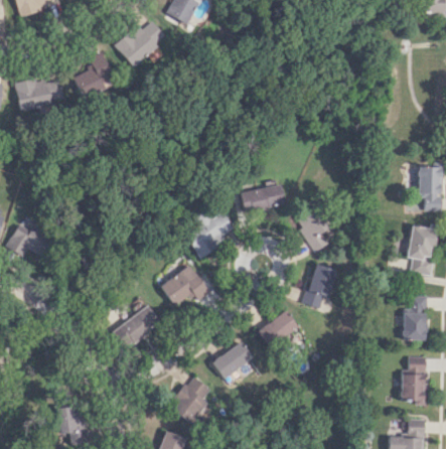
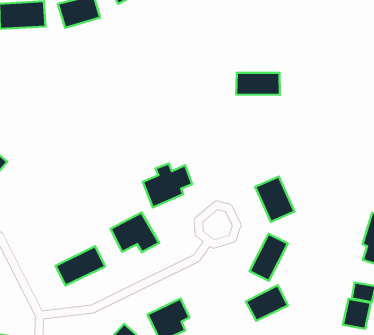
building: [241,184,286,212] -> [236,73,280,95]
building: [258,310,299,348] -> [246,285,288,321]

